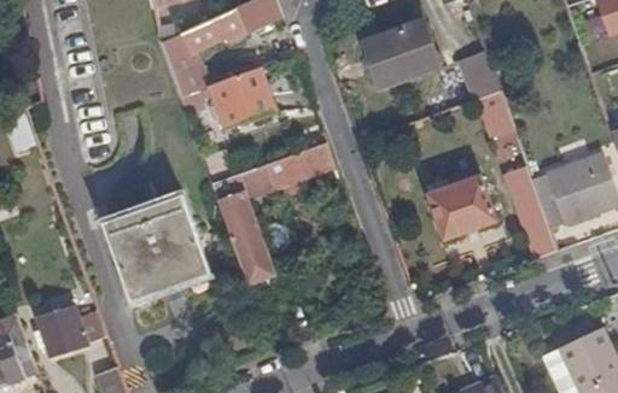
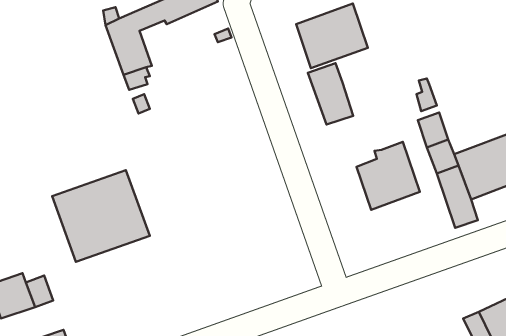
building: [457,49,500,100] -> none
building: [210,68,275,128] -> none
building: none -> [308,63,353,125]
building: [211,141,338,283] -> none

